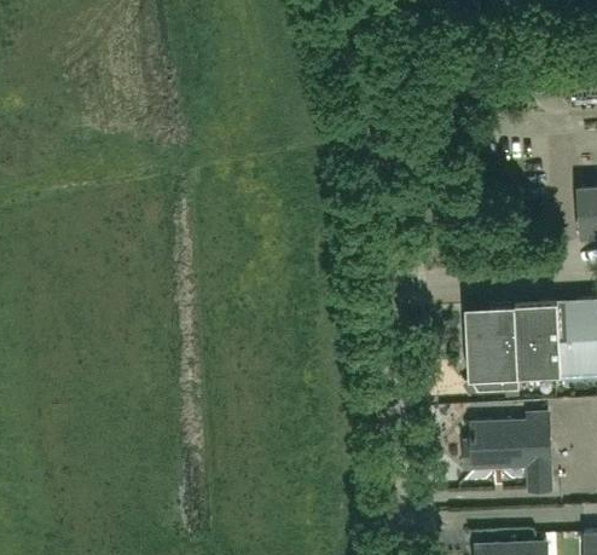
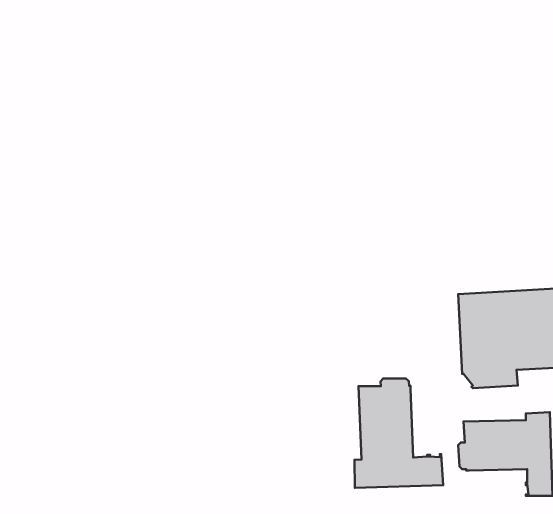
building: none -> [354,378,443,488]

